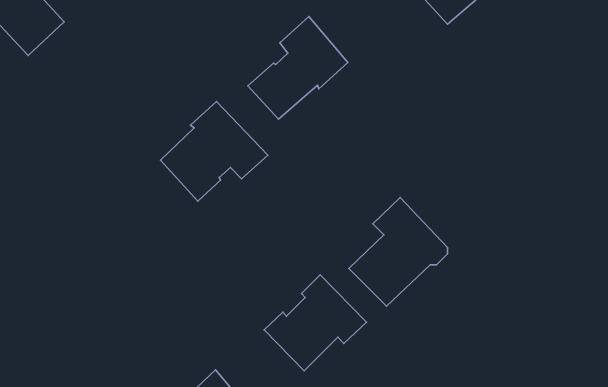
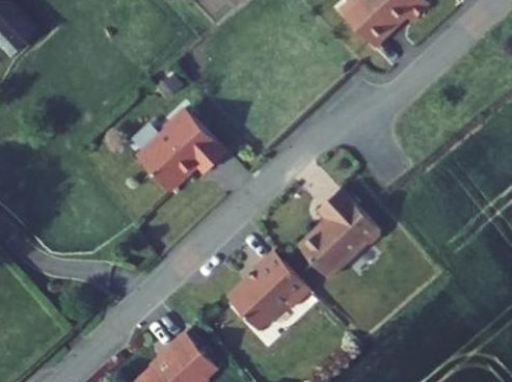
building: [248,17,348,119] -> none

